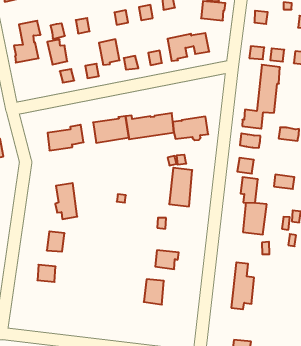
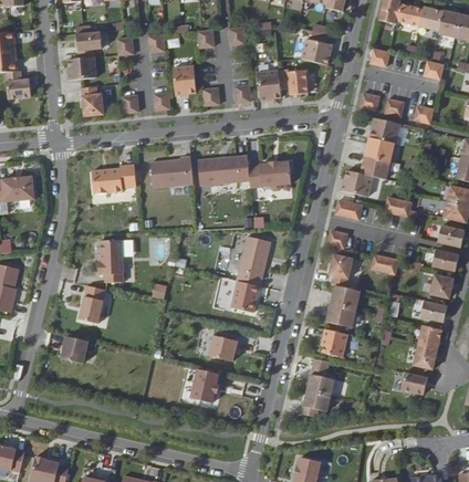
building: [47,40,67,65] -> [82,87,104,117]
building: none -> [234,275,262,304]
building: none -> [321,326,347,355]

